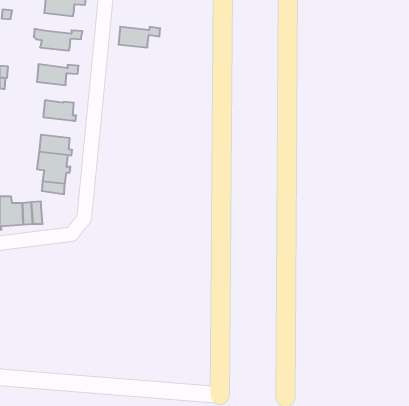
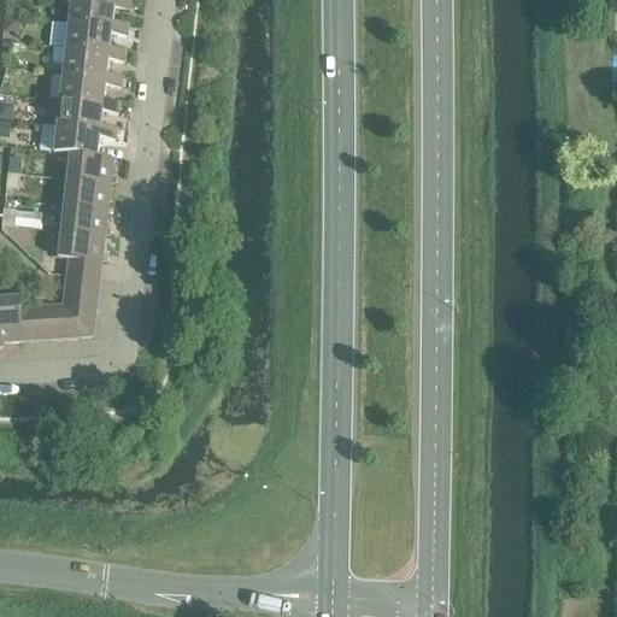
building: [118,27,160,48] -> [64,19,127,51]
building: none -> [58,71,121,102]
building: none -> [52,123,114,154]
building: none -> [61,176,112,207]
building: none -> [61,302,94,336]

